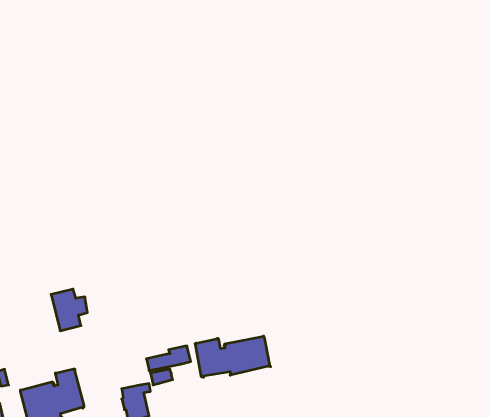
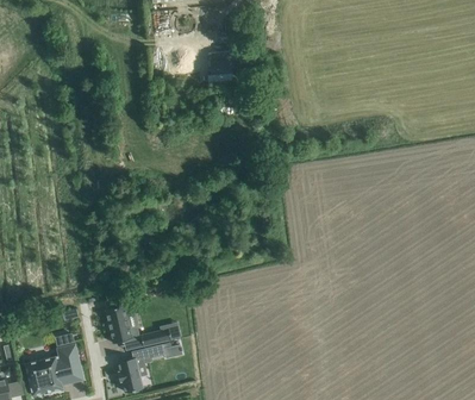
building: [51,289,87,331] -> [105,305,138,343]
building: [195,336,271,377] -> none

